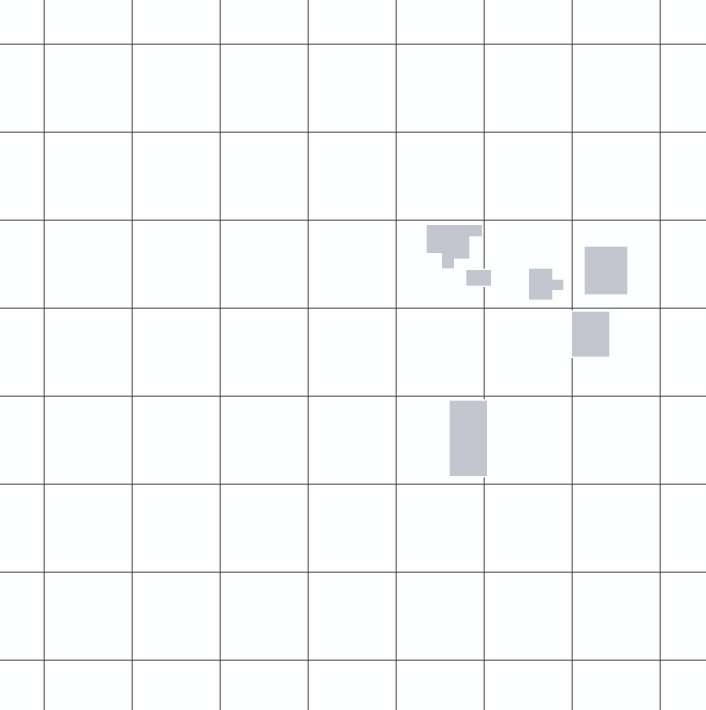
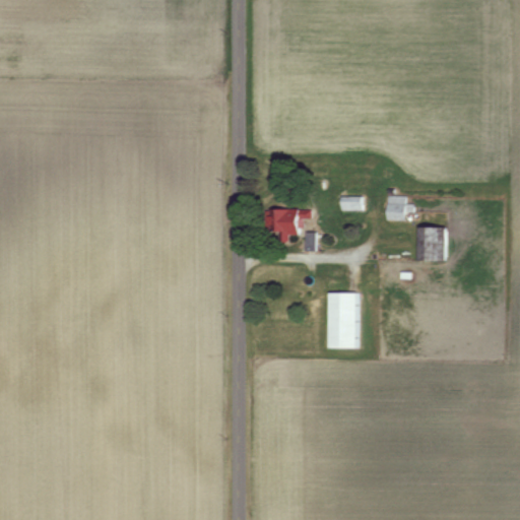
building: [426,224,483,269] -> [268,209,310,242]
building: [584,246,628,295] -> none

